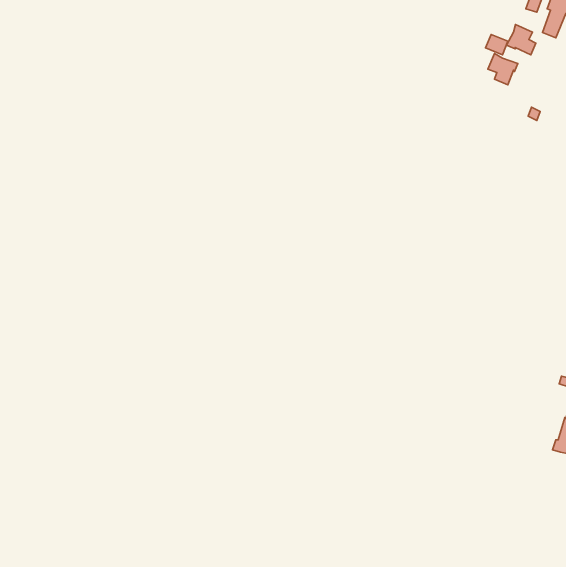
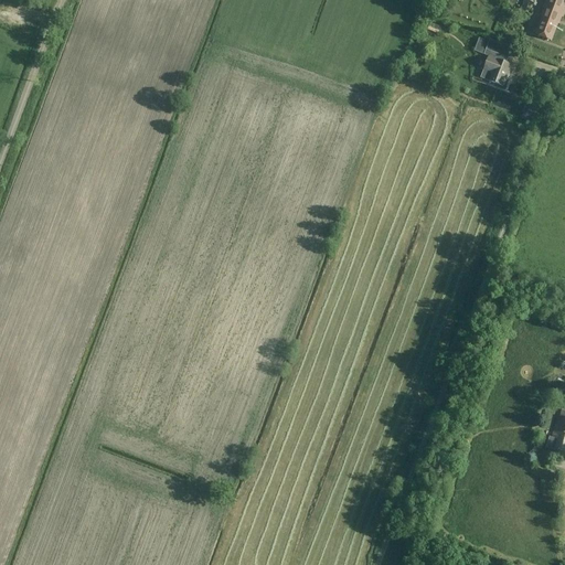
building: [507,25,536,55] -> none

